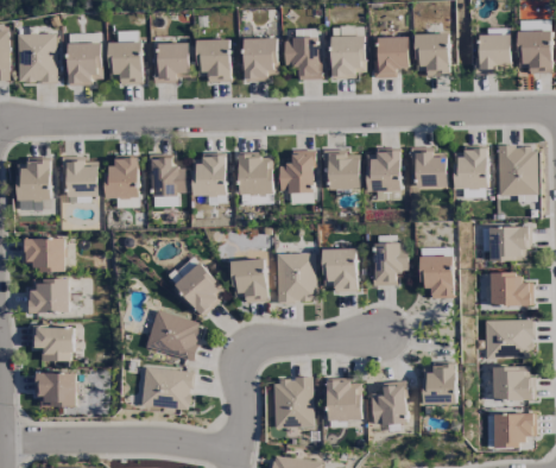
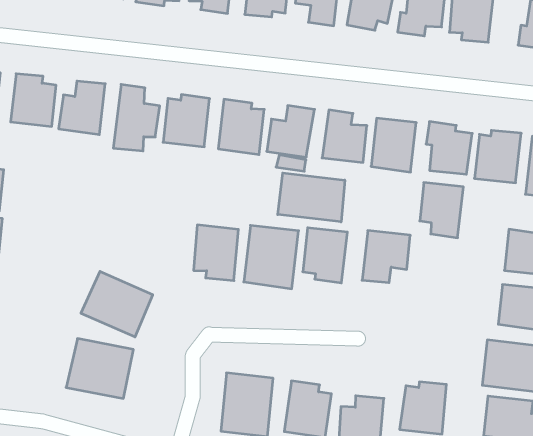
building: none -> [278,173,345,222]
building: [169,255,228,316] -> none
building: [421,255,455,298] -> [420,183,463,238]

